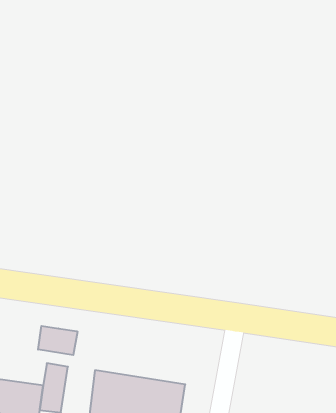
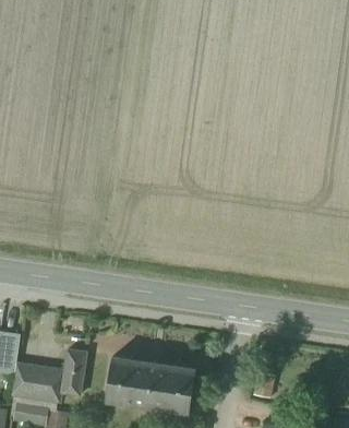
building: [38,326,78,355] -> none

